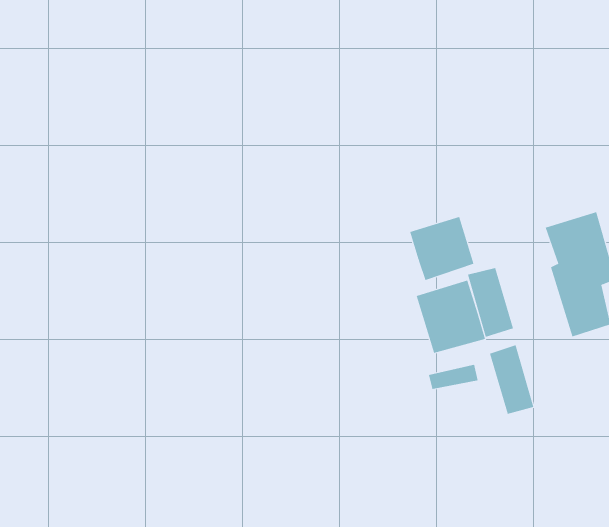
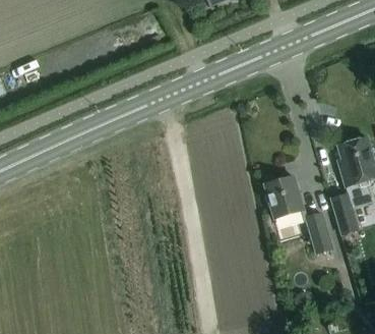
building: [410,216,474,281] -> none
building: [467,267,514,338] -> [331,193,358,233]

